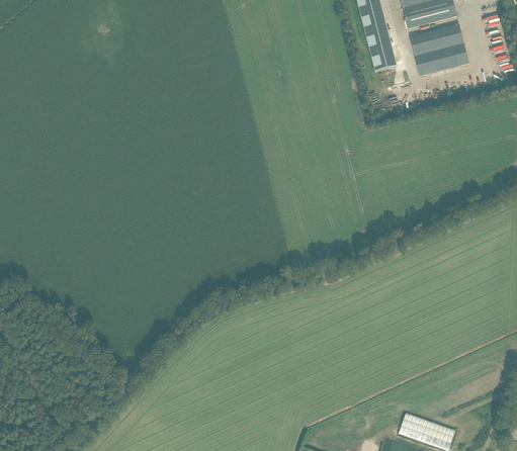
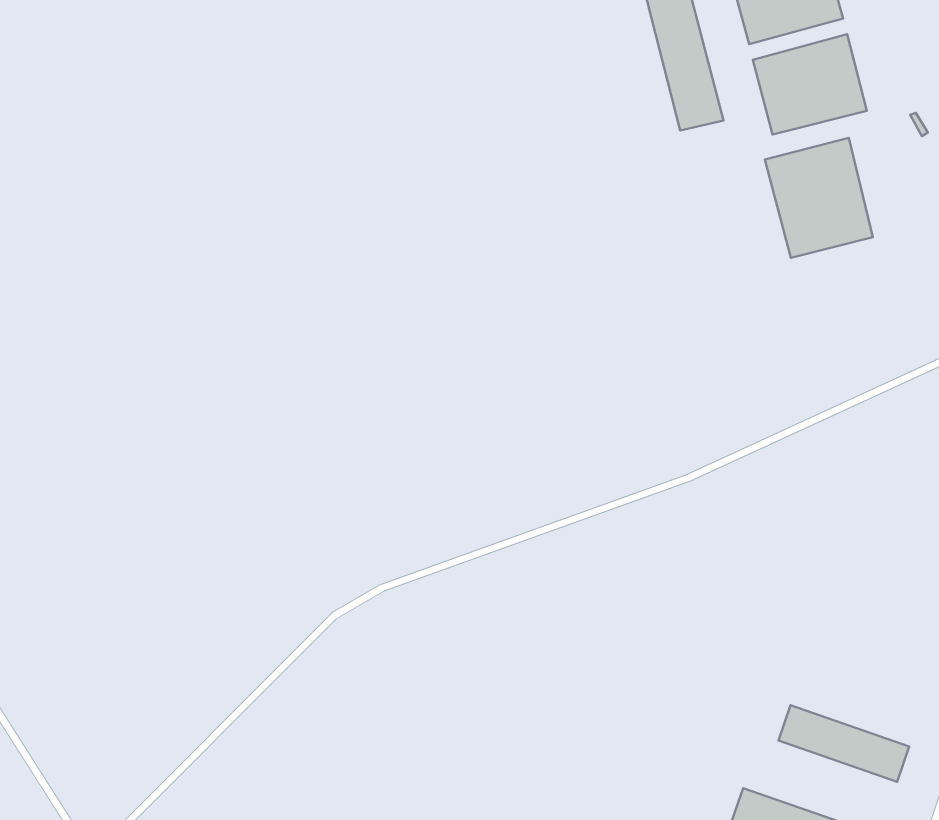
building: none -> [765,138,873,258]
building: none -> [778,705,909,782]

